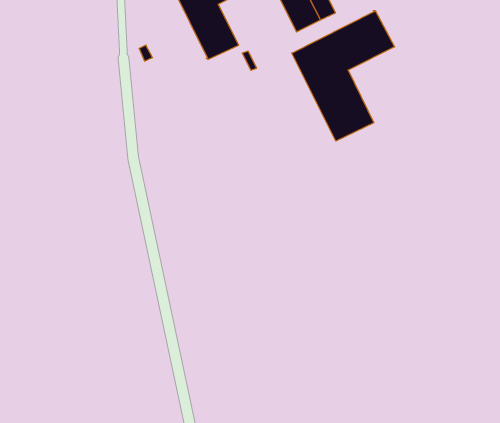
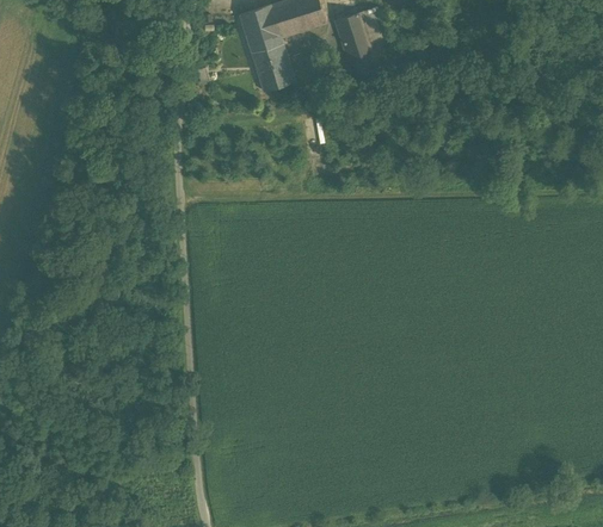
building: [292,11,395,141] -> none

